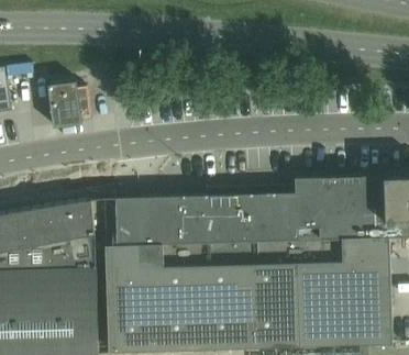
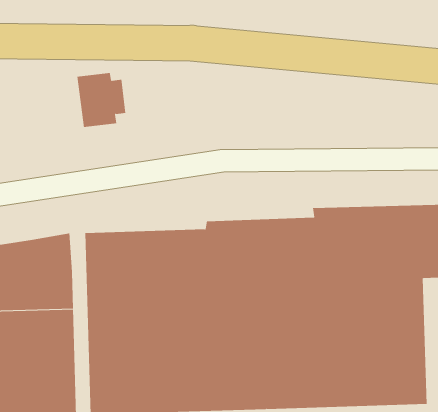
building: [47,81,89,127] -> [76,73,126,127]

